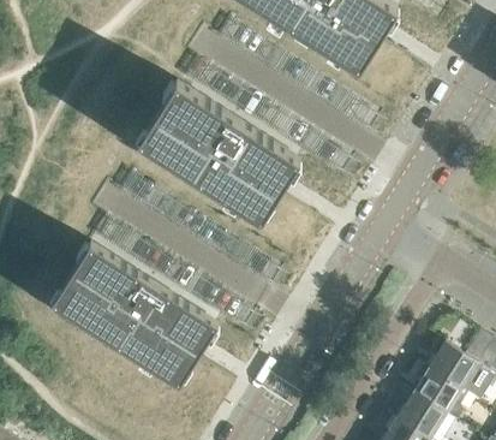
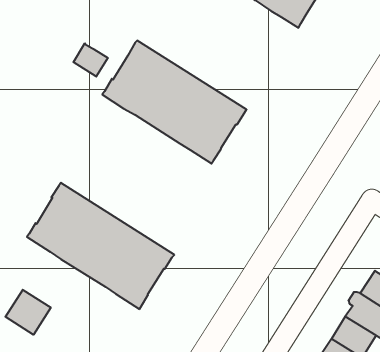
building: none -> [73,43,108,77]
building: none -> [5,290,51,335]

